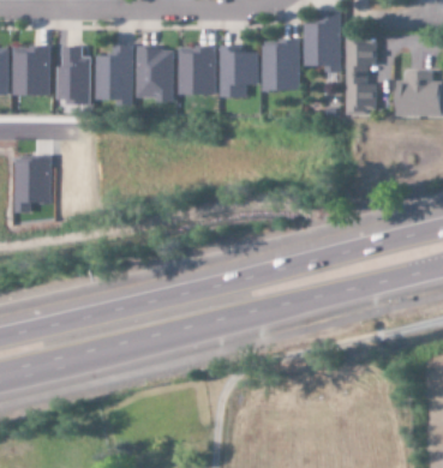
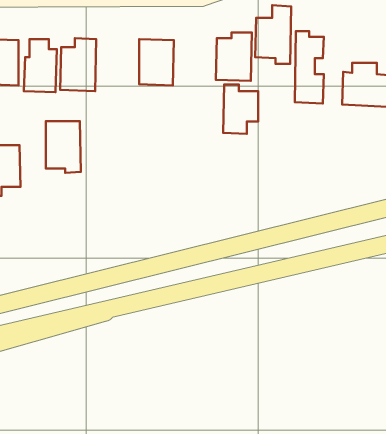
building: [220,44,257,97] -> [223,84,258,134]
building: [138,47,175,102] -> [46,121,81,173]

